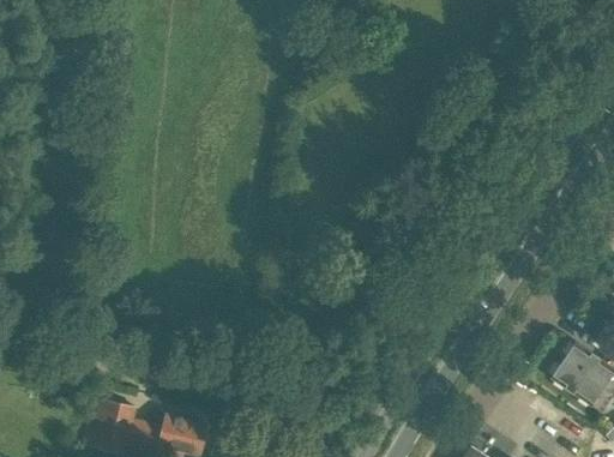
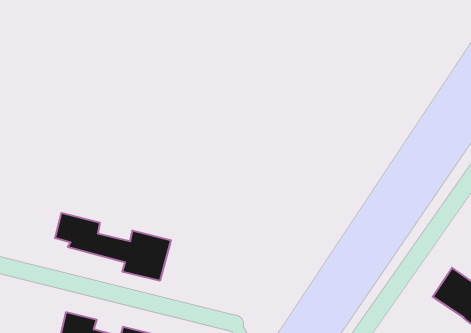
building: none -> [55,213,171,281]

